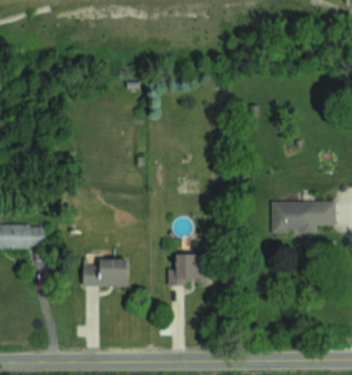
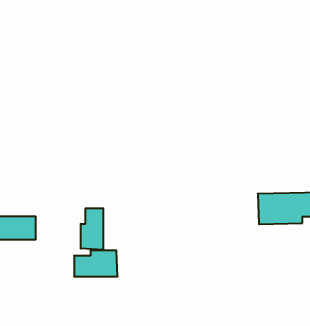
building: none -> [81,208,103,250]
building: [167,253,205,283] -> none

